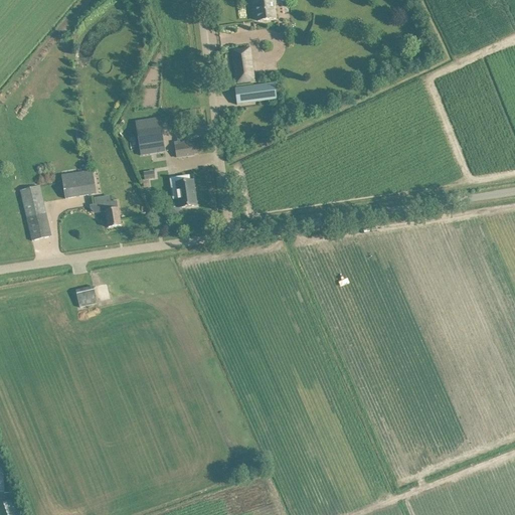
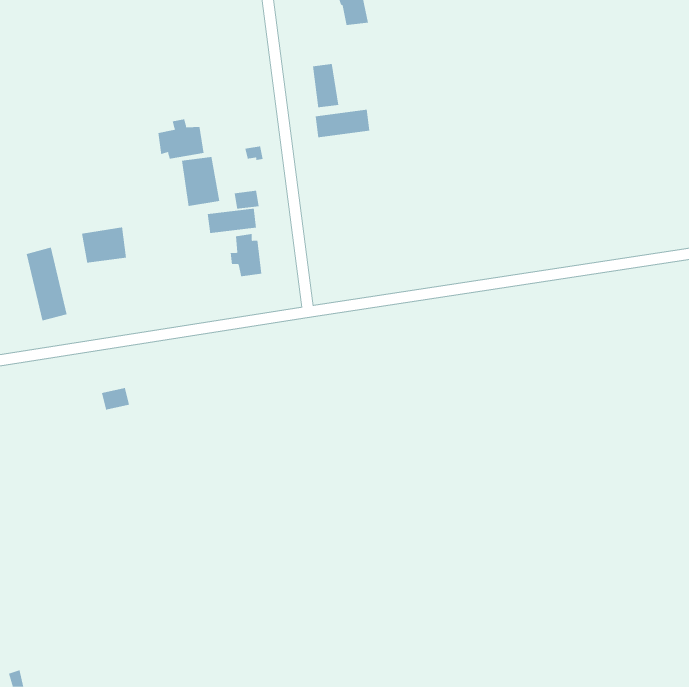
building: none -> [158,119,204,159]
building: none -> [207,208,257,234]
building: [91,199,120,226] -> none

